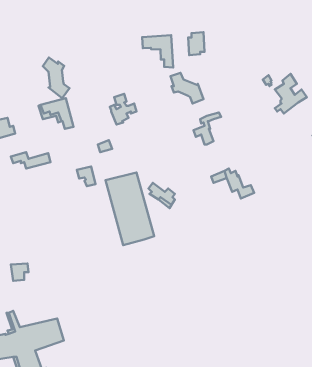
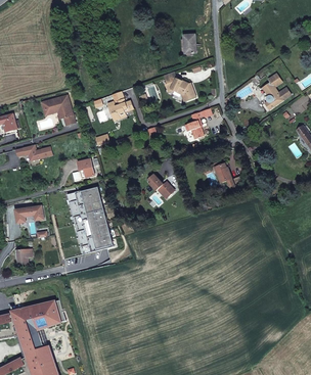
building: [142,35,173,67] -> none
building: [43,57,70,98] -> none
building: [106,172,154,245] -> [68,186,113,253]
building: none -> [14,205,43,228]

